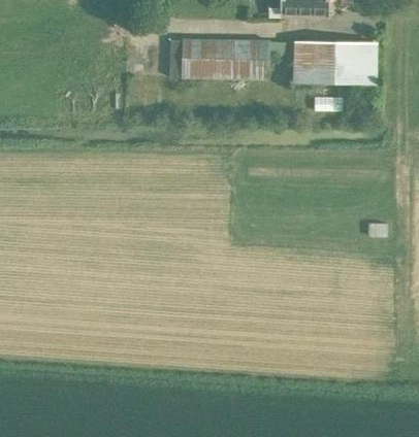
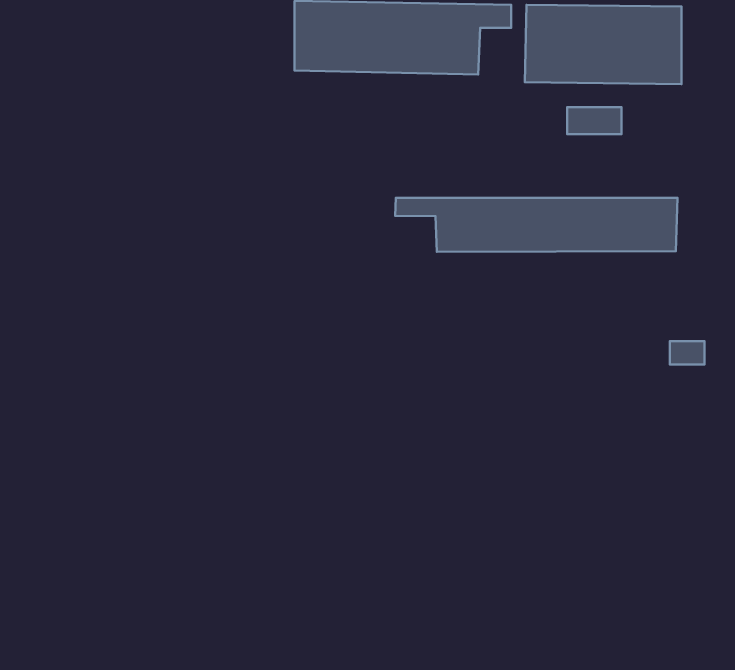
building: none -> [395,198,677,252]

